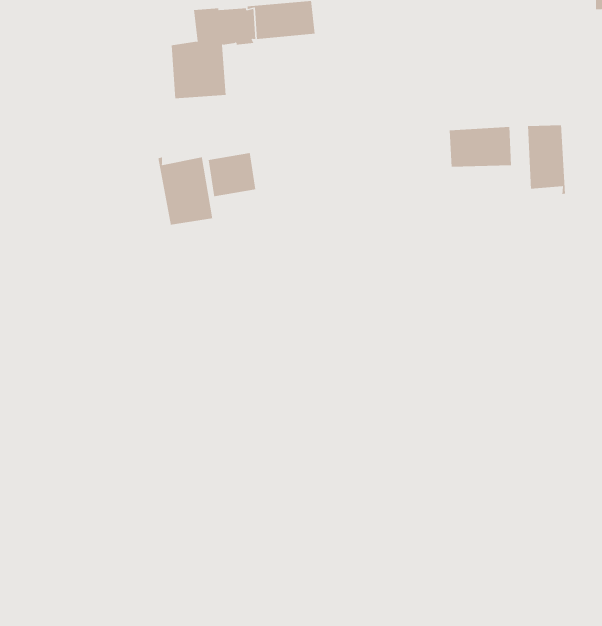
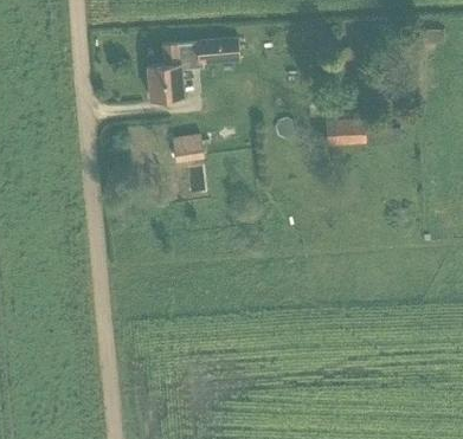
building: [527,124,565,195] -> none
building: [158,156,213,225] -> none

